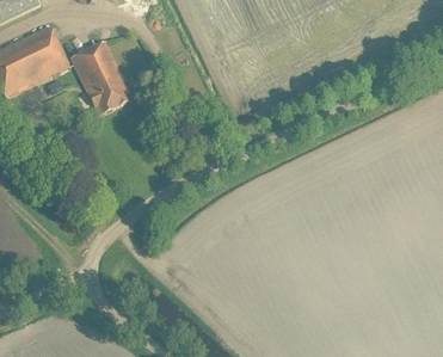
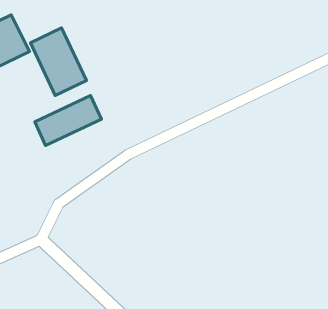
building: none -> [35,95,101,146]

